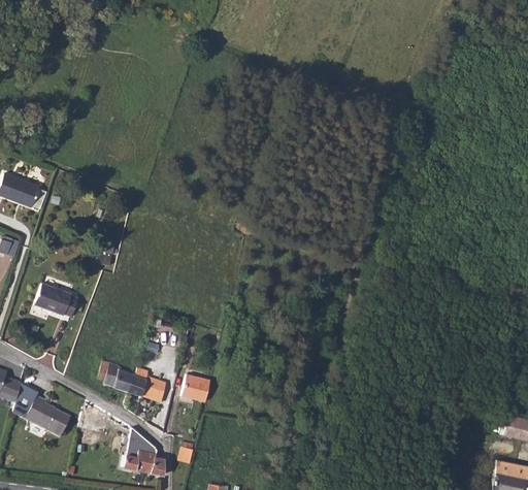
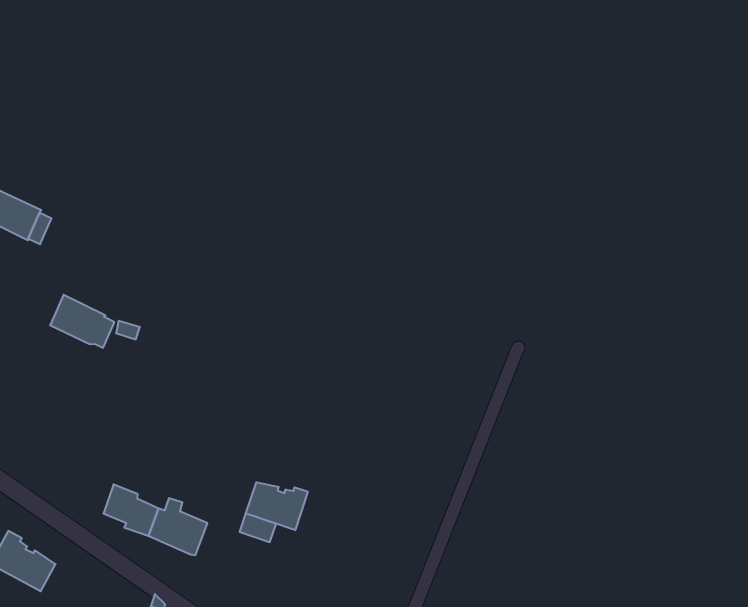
building: [34,284,76,317] -> [50,295,114,348]
building: none -> [246,482,308,530]

